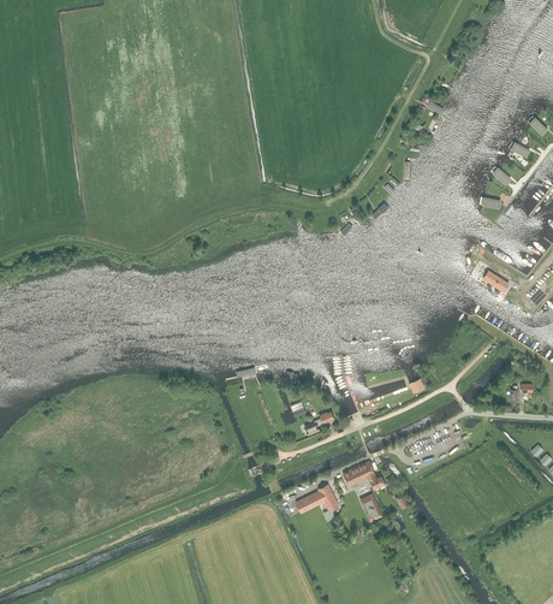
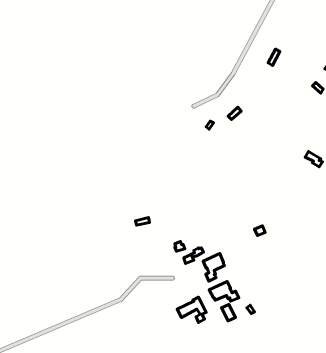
building: none -> [203,254,224,281]

